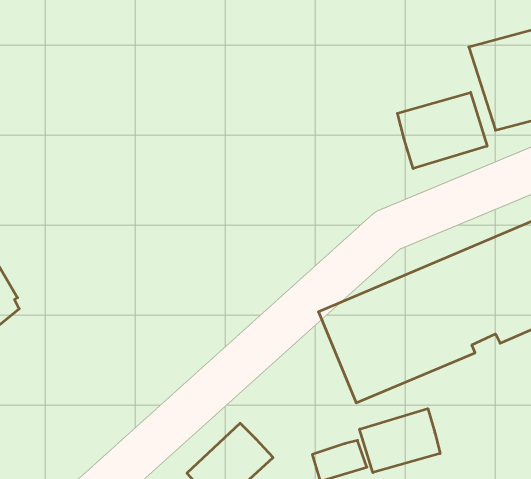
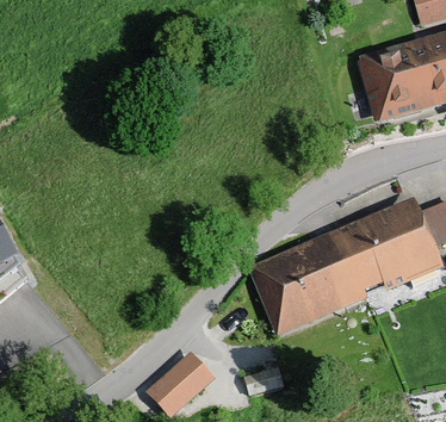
building: [397,92,487,169] -> none
building: [360,409,440,473] -> none

